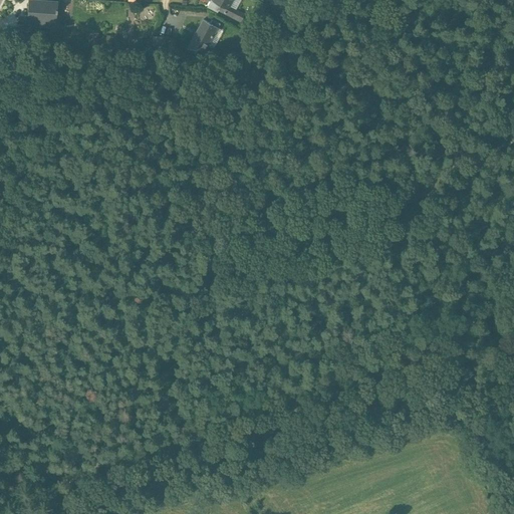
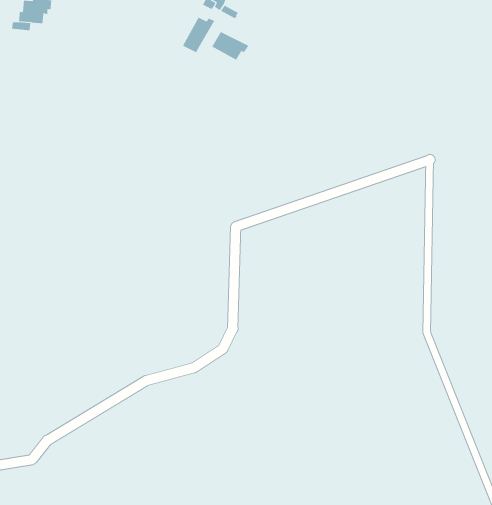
building: none -> [211,32,249,61]

